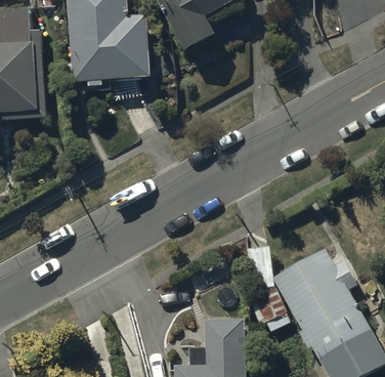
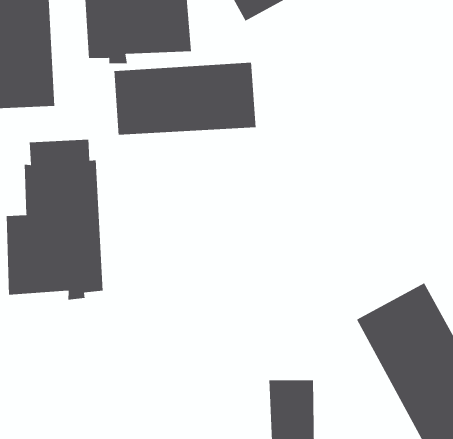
building: none -> [114,62,256,136]
building: none -> [6,139,103,301]

